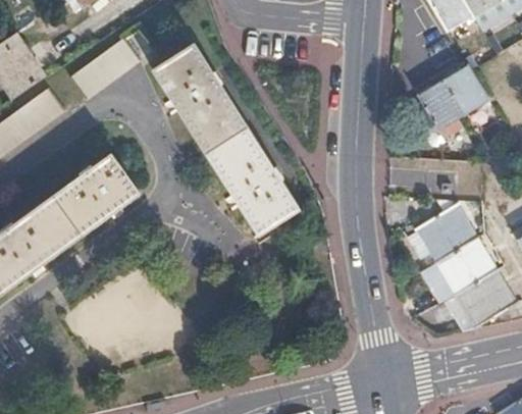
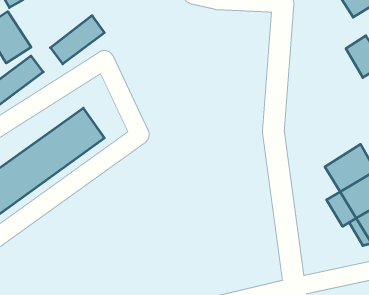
building: [151,45,298,232] -> none
building: [417,81,464,133] -> none

